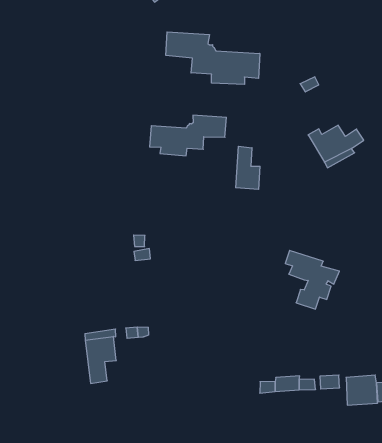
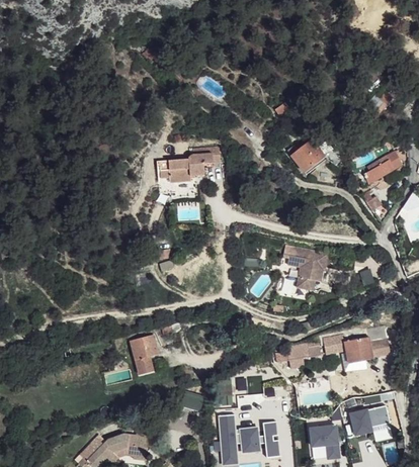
building: [166,32,260,84] -> none
building: [236,146,260,189] -> none

